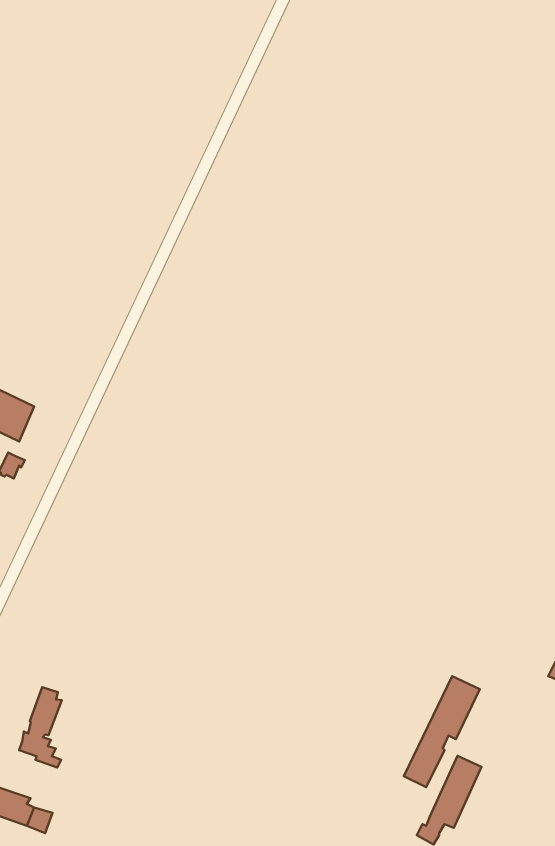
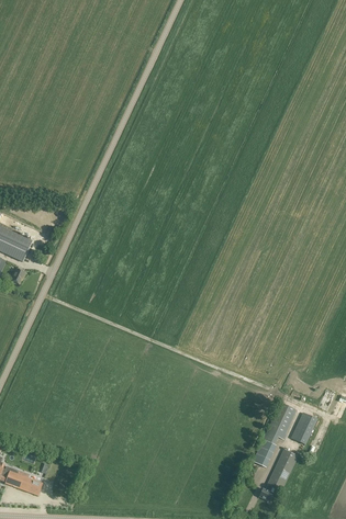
building: [19,687,62,768] -> none
building: none -> [290,413,316,445]

